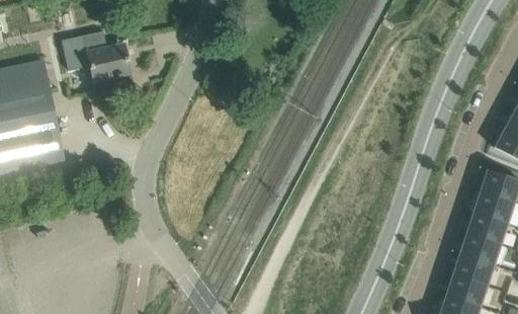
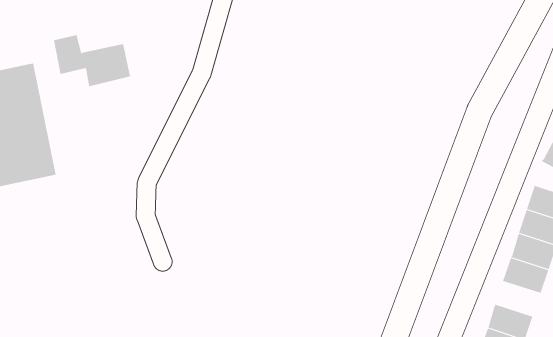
building: [452,254,494,286] -> none

